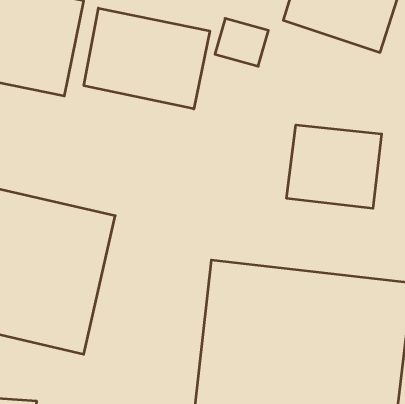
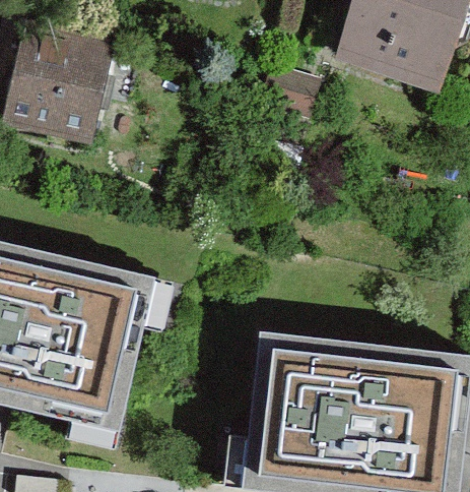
building: [84,8,210,109] -> none
building: [287,125,382,208] -> none

